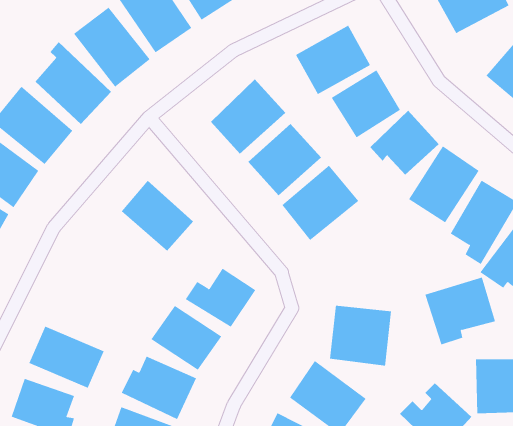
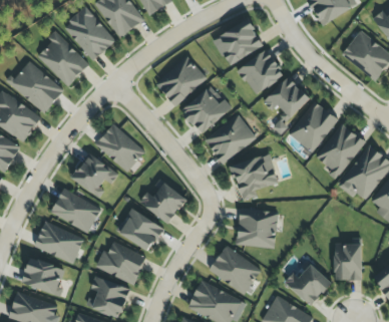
building: none -> [71,153,118,197]
building: none -> [50,188,101,233]
building: [424,277,496,345] -> [230,153,278,200]

